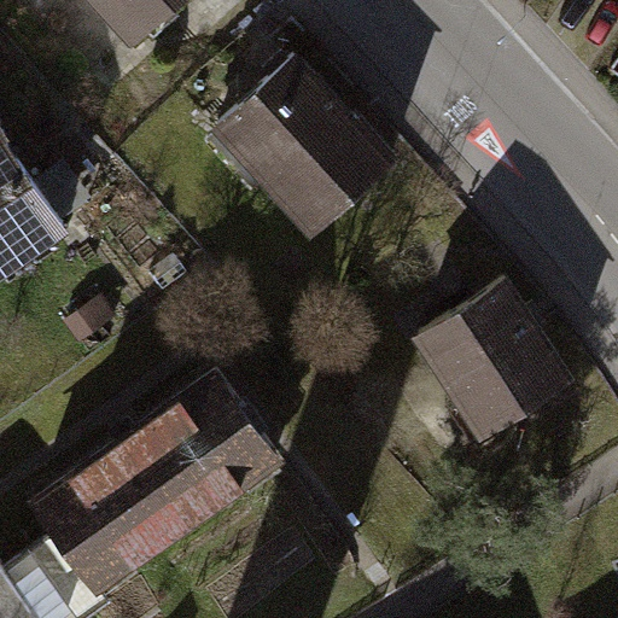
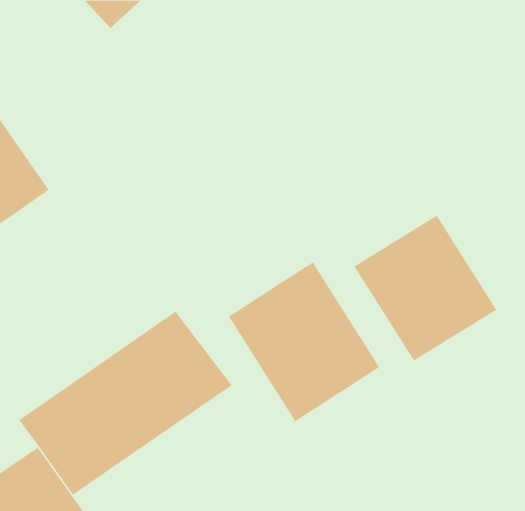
building: [211,51,404,240] -> none
building: none -> [228,262,380,422]

